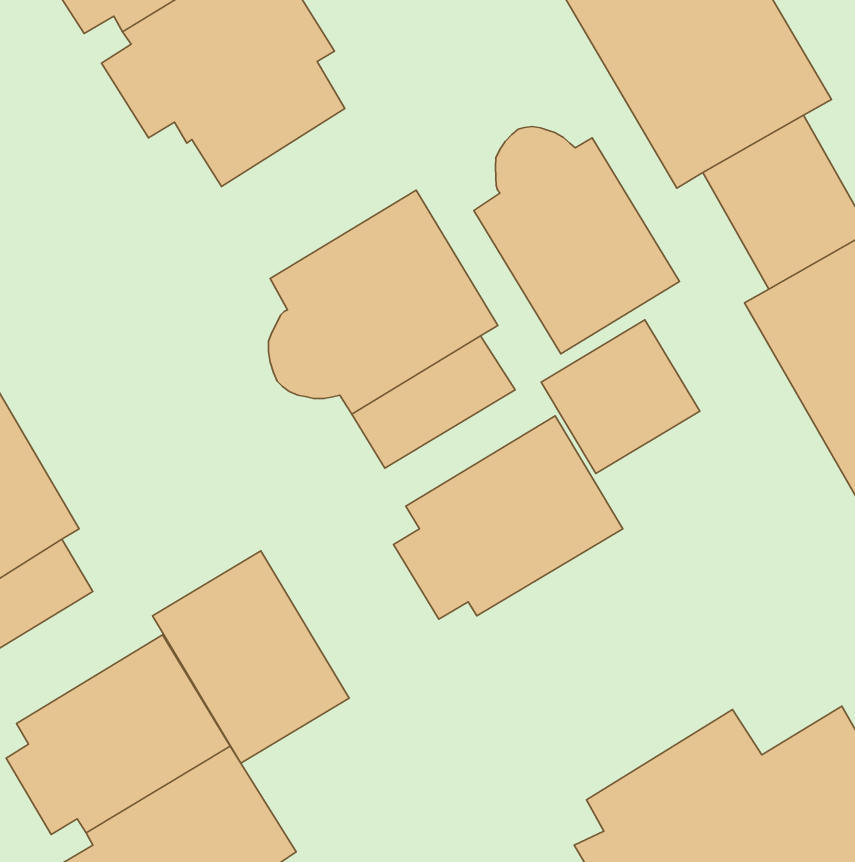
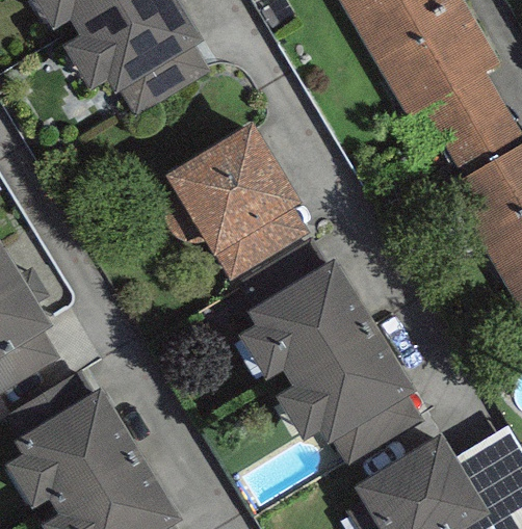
building: [474,126,679,354] -> none
building: [541,320,700,473] -> none
building: none -> [276,322,421,465]
building: [152,551,349,763] -> none

